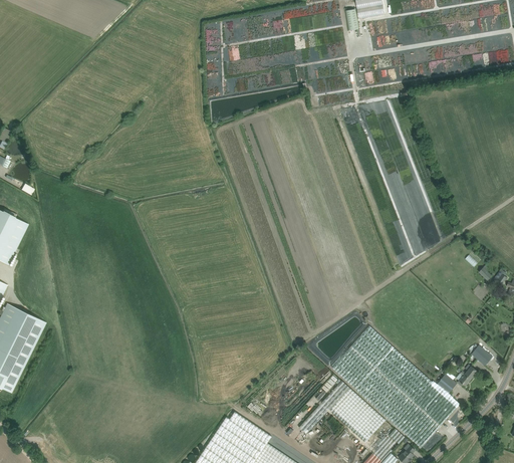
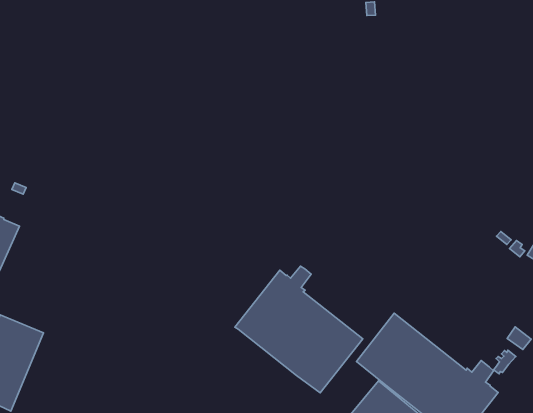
building: none -> [235,266,363,393]

